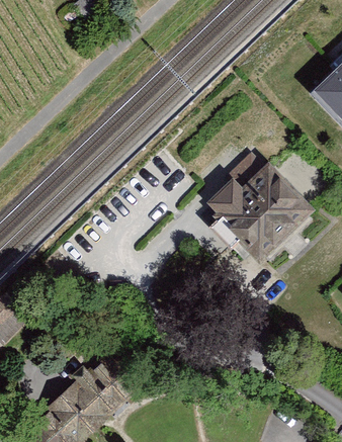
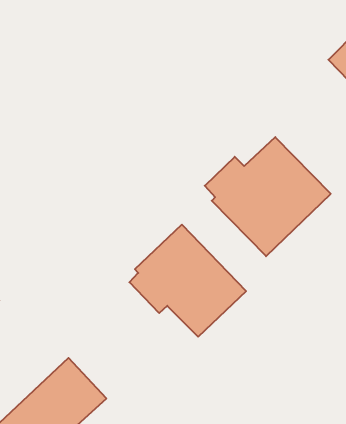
building: none -> [129,225,246,337]

